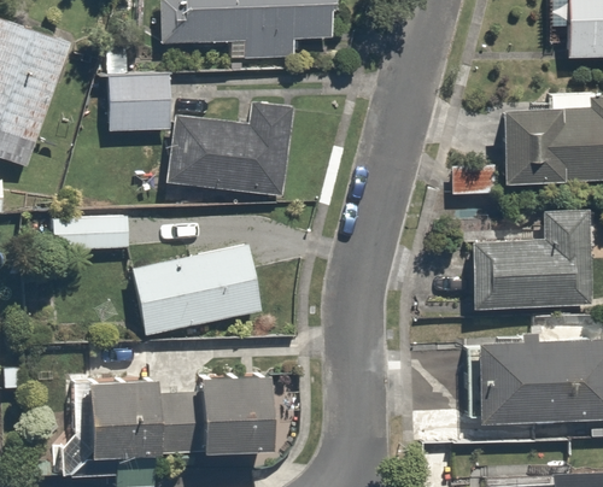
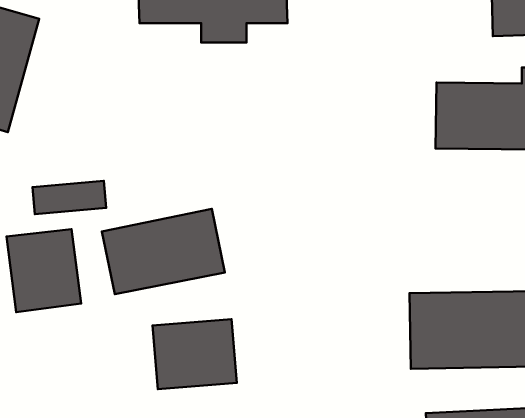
building: [101,69,168,137] -> none
building: [164,102,294,207] -> none
building: [475,205,592,310] -> none
building: [78,363,162,456] -> [7,229,81,312]

